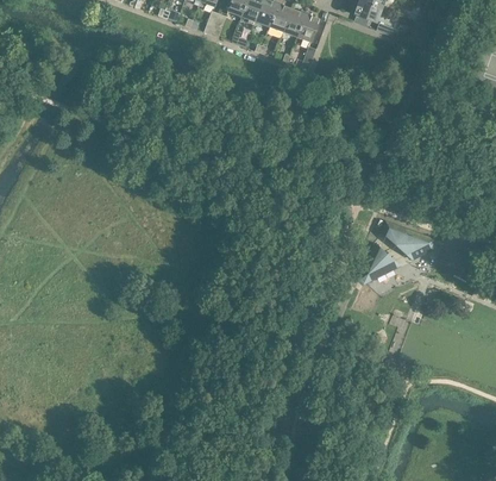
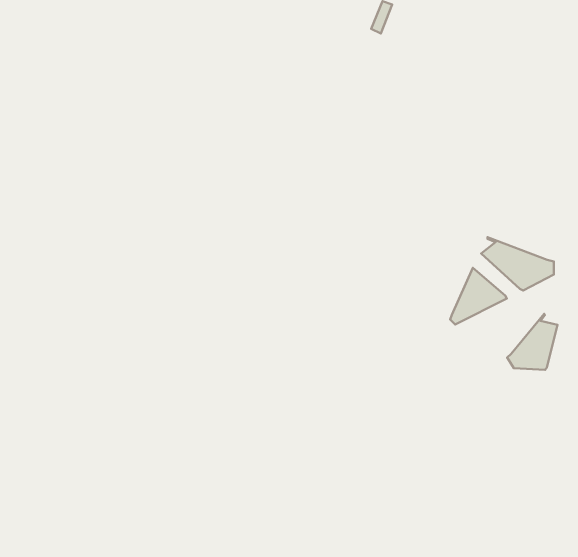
building: none -> [507,314,557,370]

